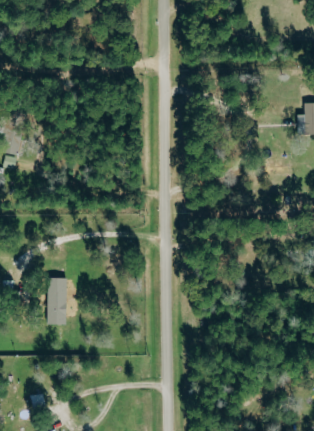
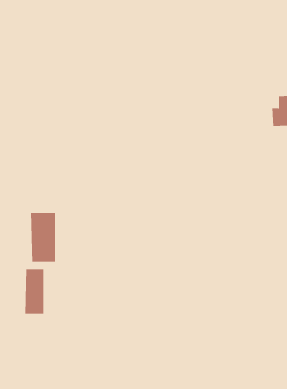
building: none -> [31,212,56,263]

